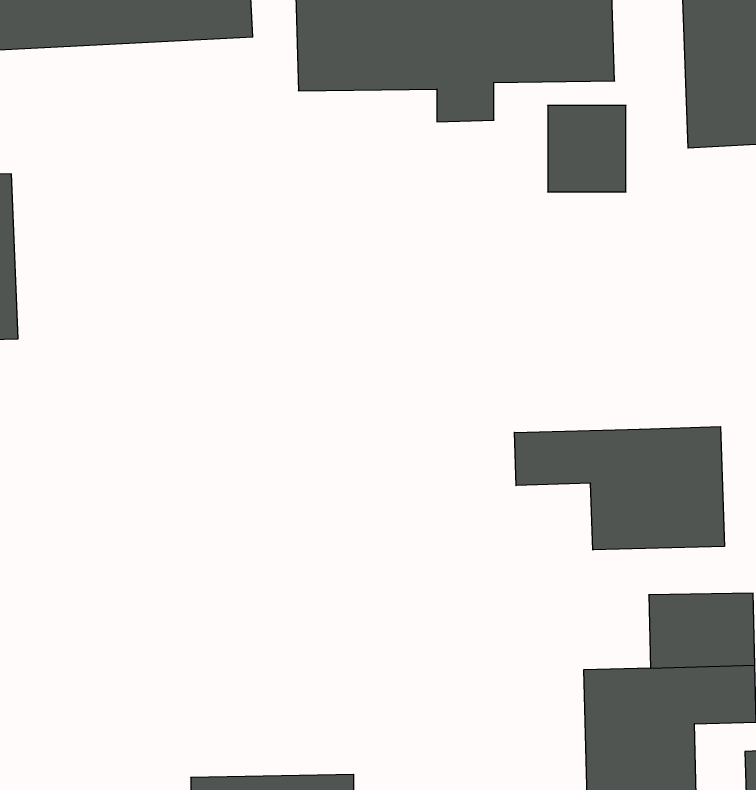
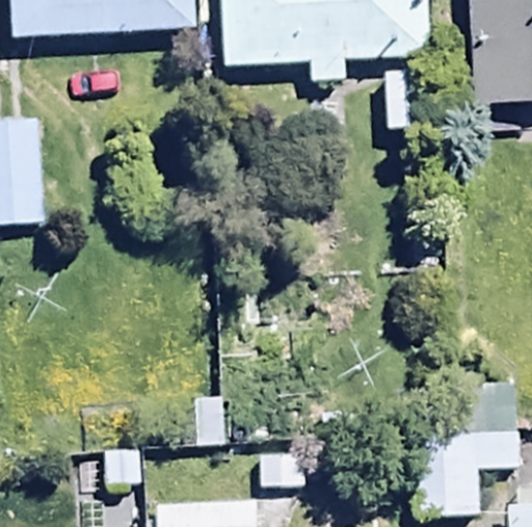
building: [514,427,724,550] -> none

